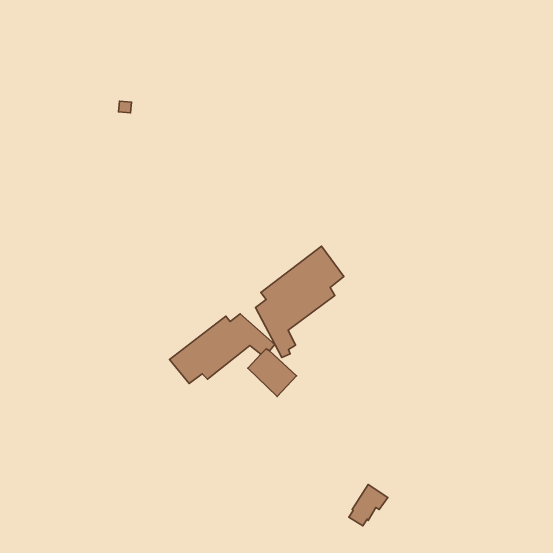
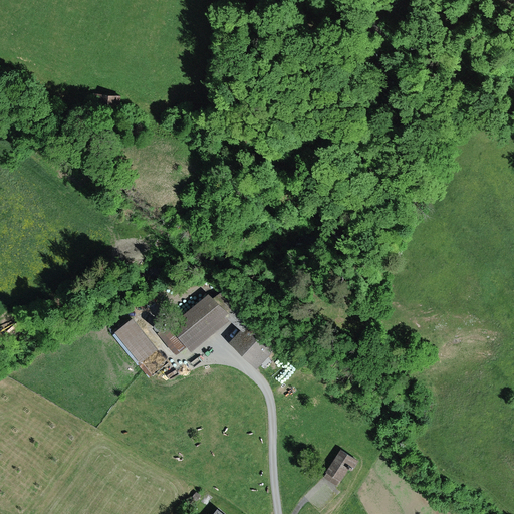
building: [255,246,344,357] -> none
building: none -> [111,319,158,366]

